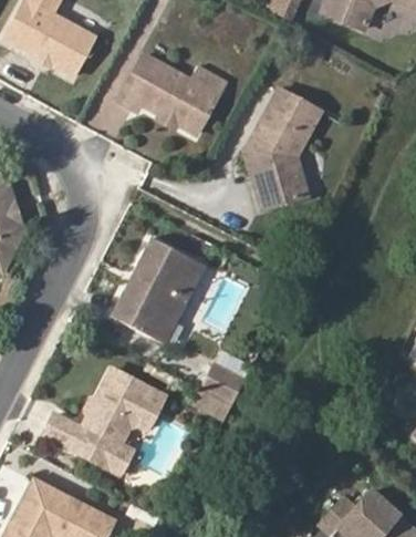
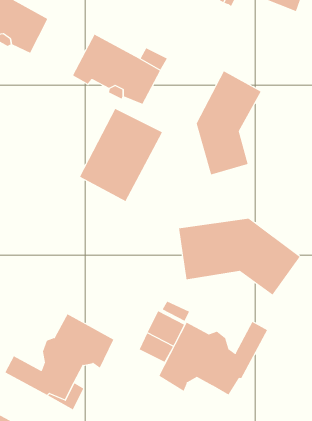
building: [113,238,206,342] -> [79,108,163,202]
building: none -> [179,218,300,295]
building: none -> [158,321,268,396]

